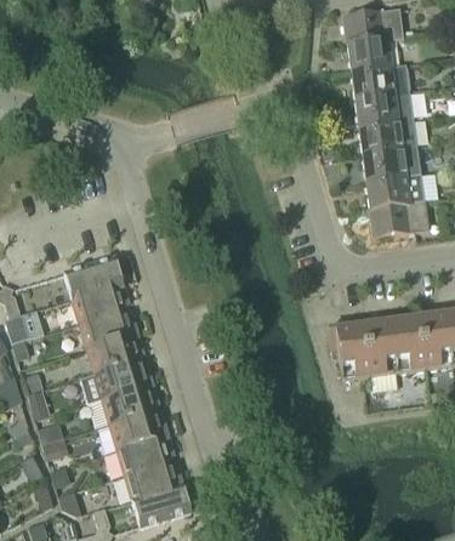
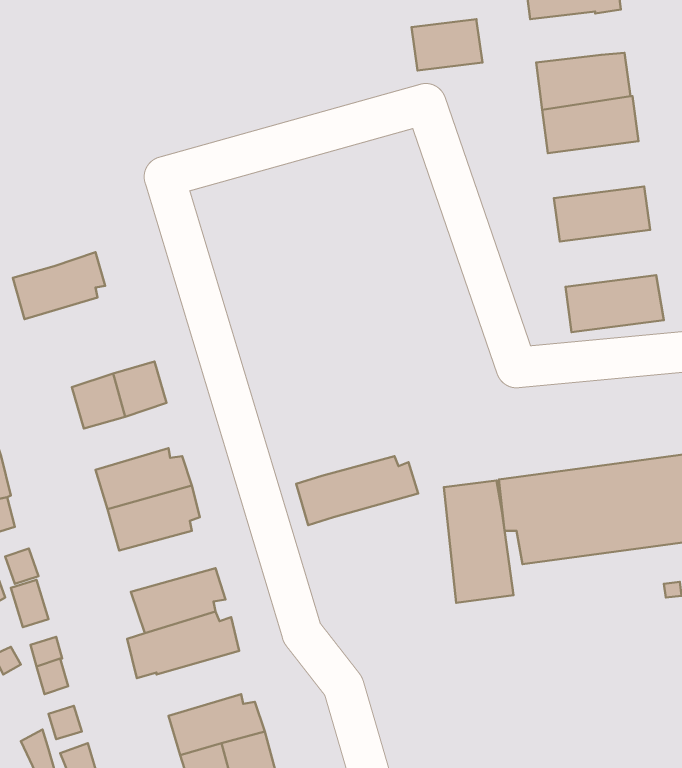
building: [346,40,389,72] -> [412,19,482,70]
building: [357,120,416,155] -> none
building: [364,175,423,210] -> none
building: [70,281,127,323] -> [13,252,105,319]
building: none -> [444,481,514,603]
building: [76,360,152,403] -> [296,456,418,525]
building: [115,434,172,474] -> none

